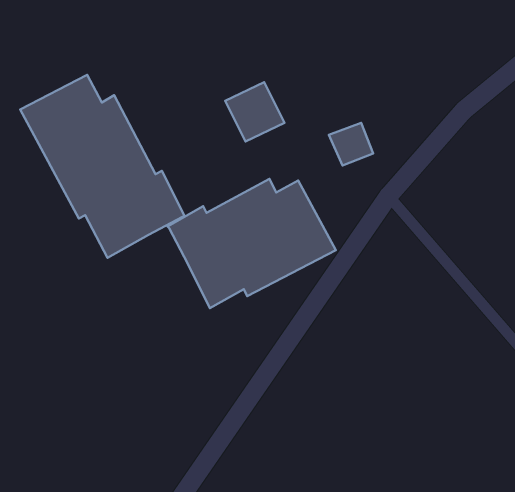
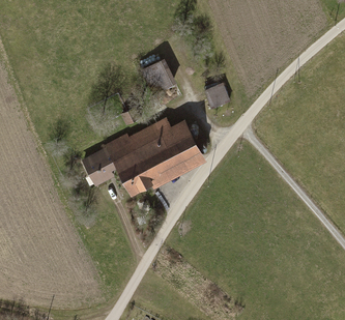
building: [20,75,185,258] -> none
building: none -> [81,145,117,185]

